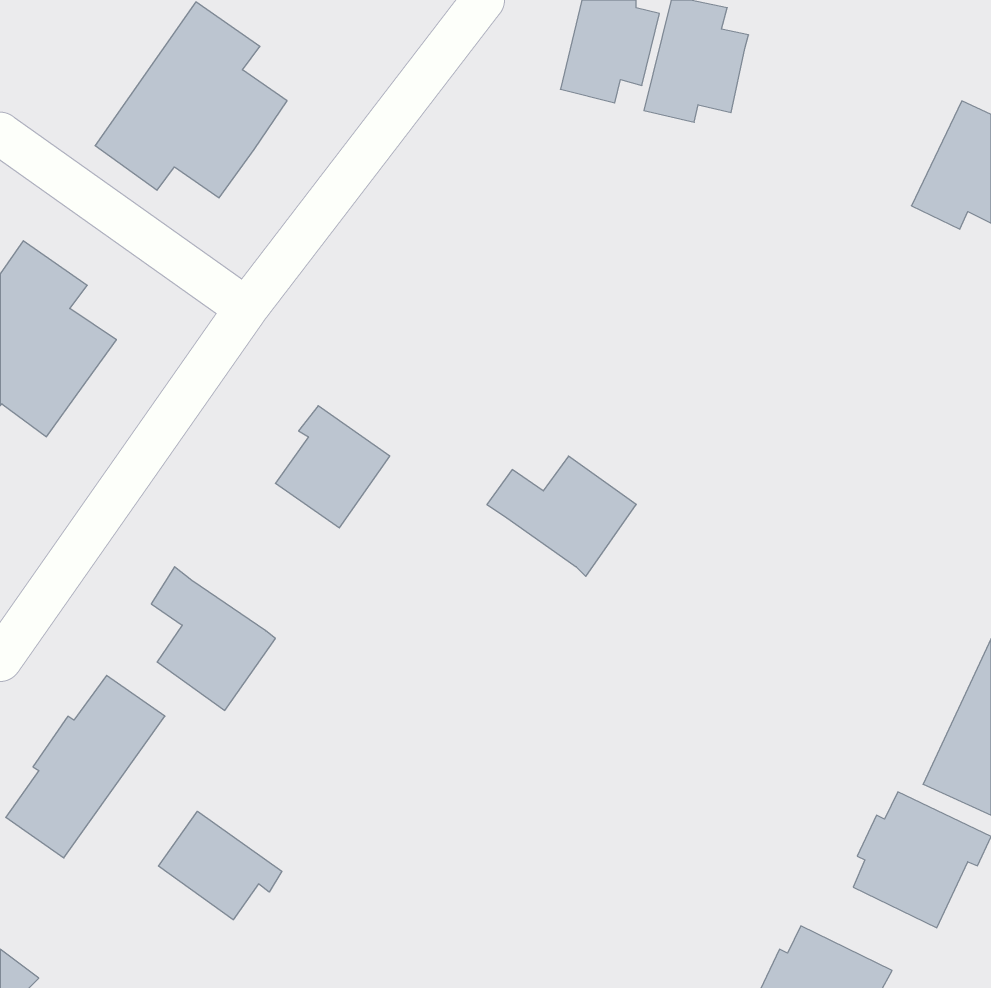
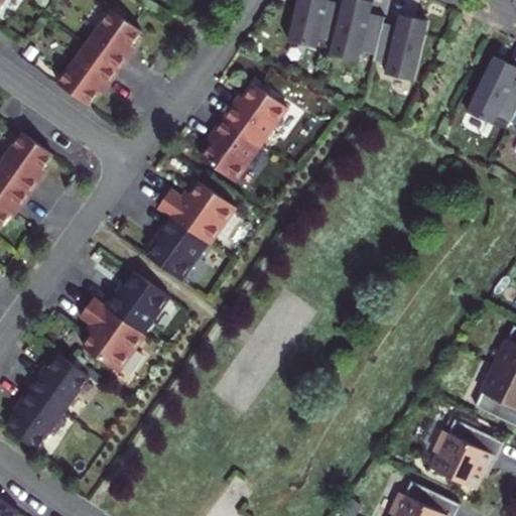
building: none -> [379,18,431,85]
building: none -> [200,83,285,180]
building: [487,456,636,576] -> [156,181,234,244]
building: none -> [100,269,164,330]
building: [158,811,282,920] -> none

